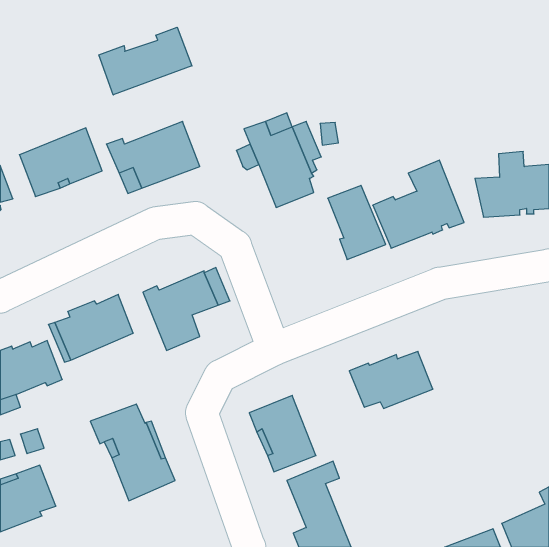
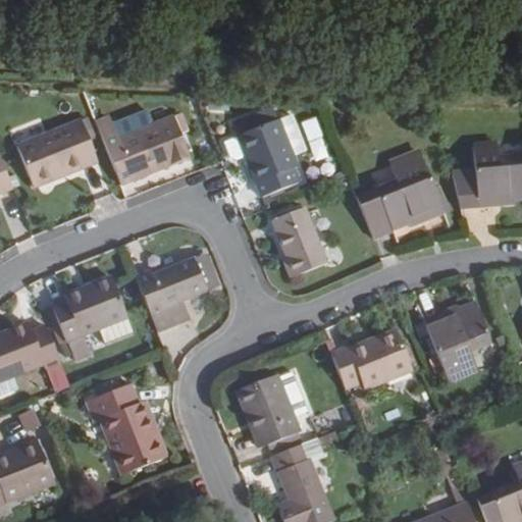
building: [99,27,192,95] -> none
building: [328,185,386,260] -> [271,207,326,277]
building: none -> [422,302,489,377]

